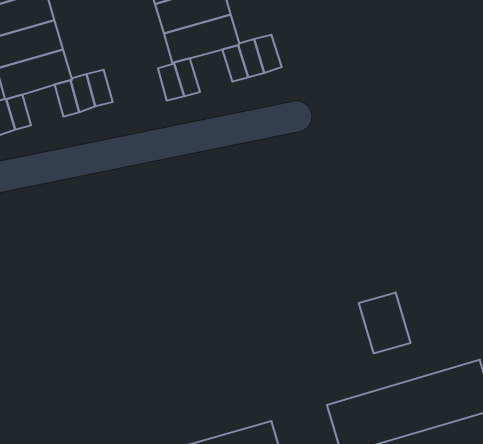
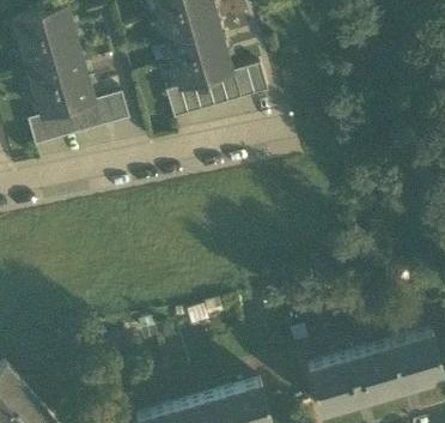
building: none -> [193,77,227,111]
building: none -> [55,105,89,139]
building: [359,292,410,353] -> none

